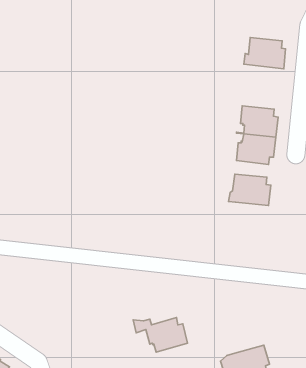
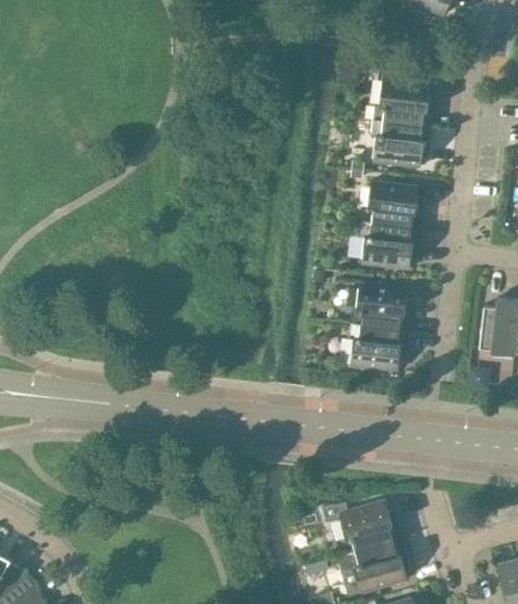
building: none -> [370,120,431,167]
building: none -> [348,325,408,371]
building: [133,318,188,352] -> [319,500,401,551]

